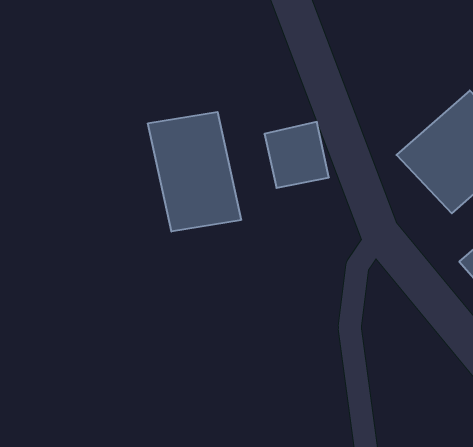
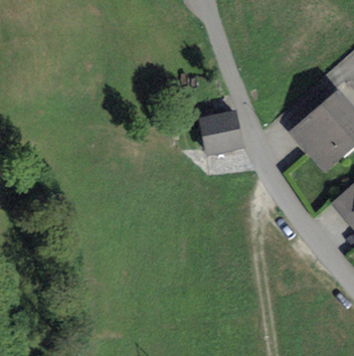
building: [148,112,241,232] -> none

